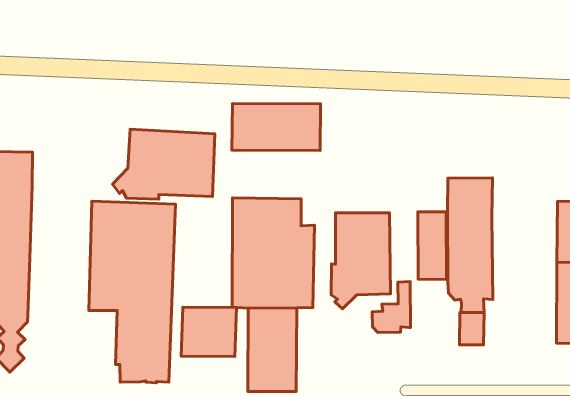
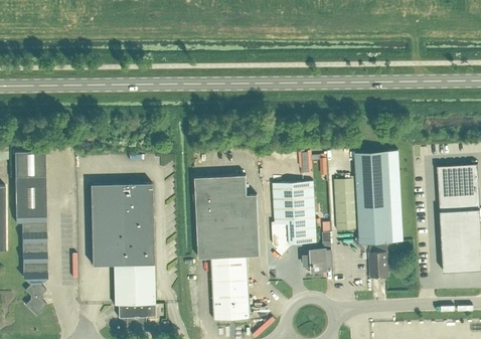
building: [232,103,321,150] -> none
building: [112,129,215,199] -> none
building: [181,307,236,356] -> none

